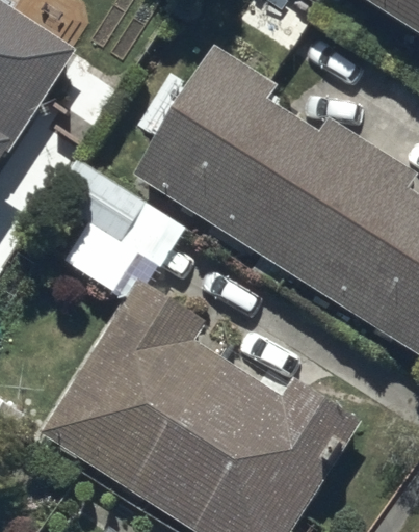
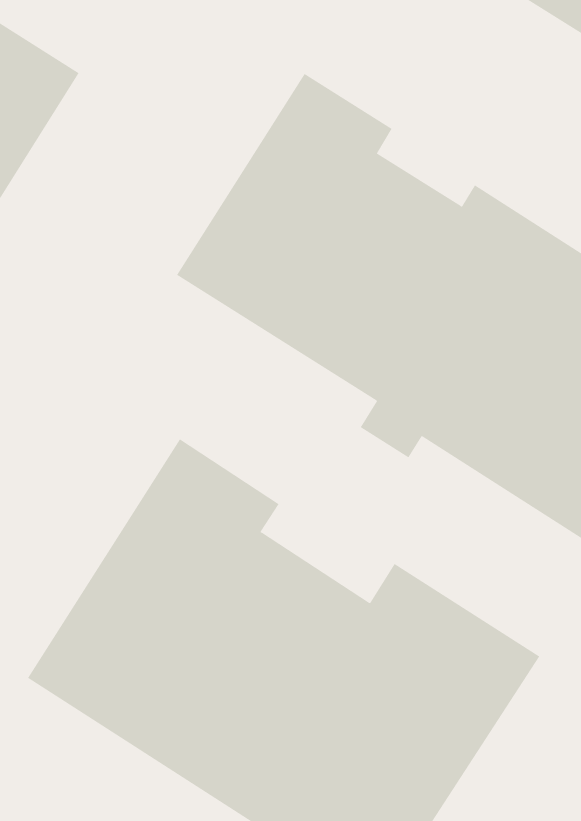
building: [52,159,186,289] -> none

